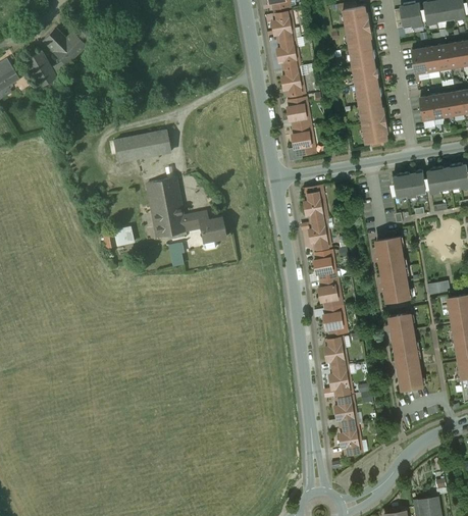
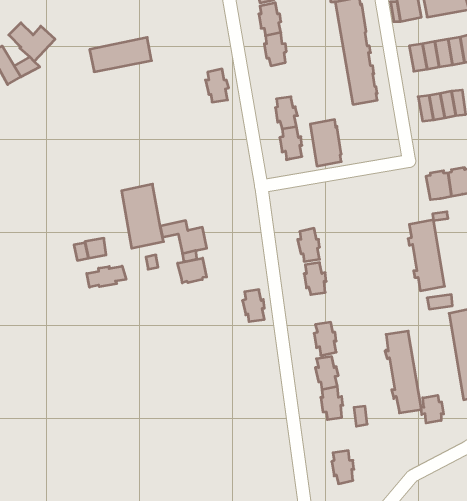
building: [281,66,303,97] -> [205,69,229,102]
building: [359,101,387,144] -> [310,120,341,166]
building: [112,131,169,162] -> [90,37,152,72]
building: [394,170,426,199] -> none
building: [304,192,324,222] -> none
building: [375,237,409,302] -> [408,220,445,291]
building: none -> [178,258,207,283]
building: none -> [87,266,126,287]
building: [318,278,339,308] -> [242,290,264,322]
building: none -> [421,395,444,423]
building: [334,397,355,426] -> none

